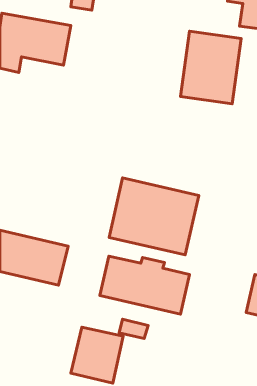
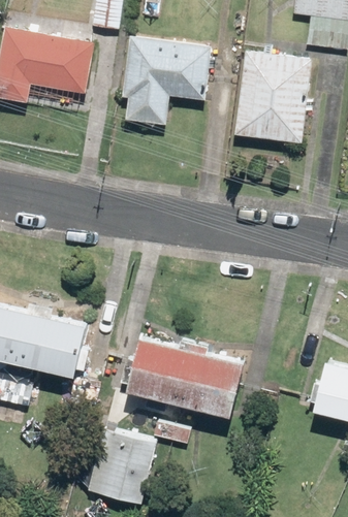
building: none -> [120,37,210,127]
building: [109,178,199,255] -> none

